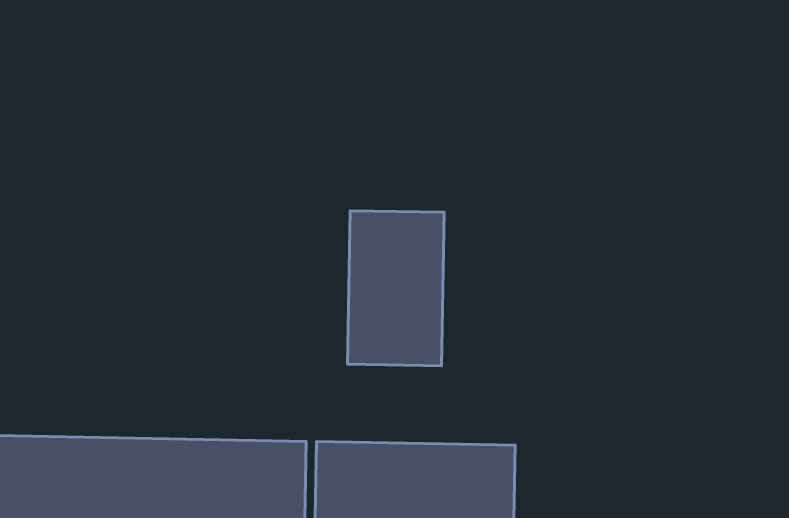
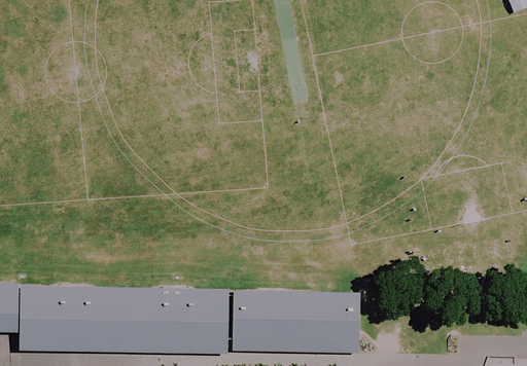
building: [348,211,444,366] -> none

